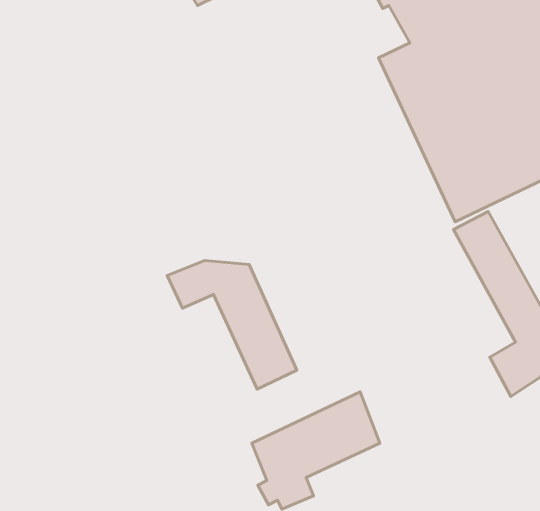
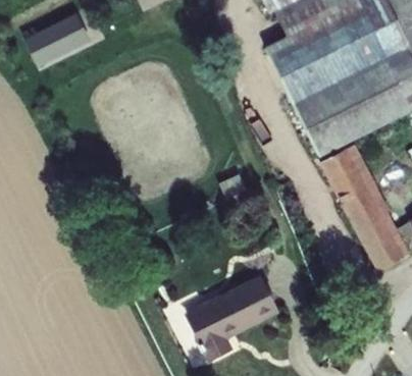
building: none -> [28,12,95,66]
building: [167,260,297,389] -> none

